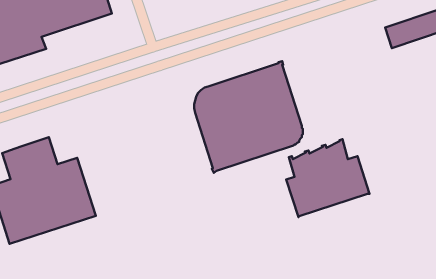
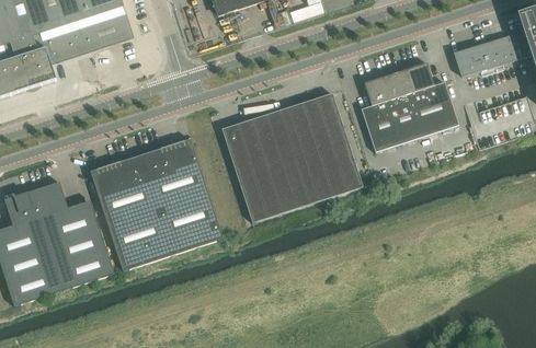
building: none -> [90,138,223,269]
building: [286,139,370,217] -> [361,61,458,152]

